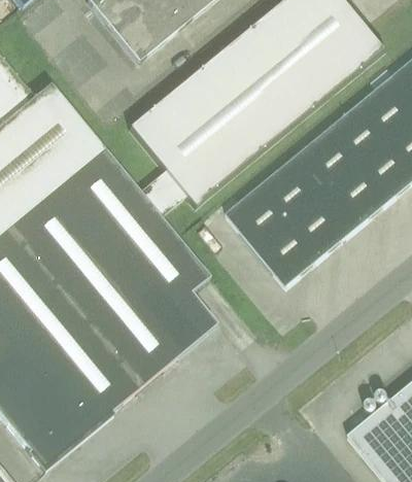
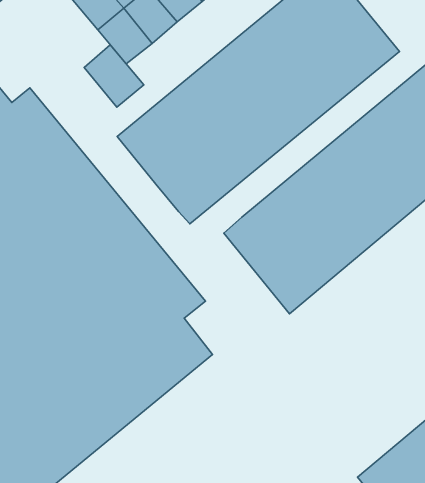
building: none -> [84,45,144,107]

